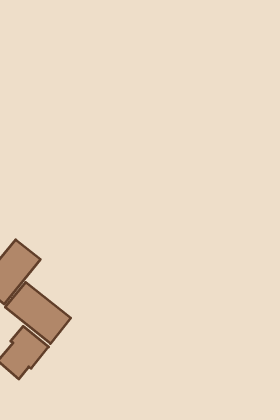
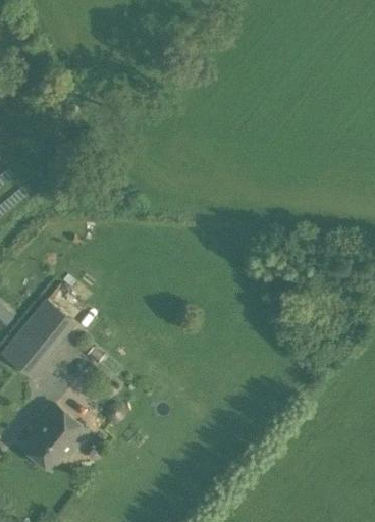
building: [5,282,71,344] -> none

